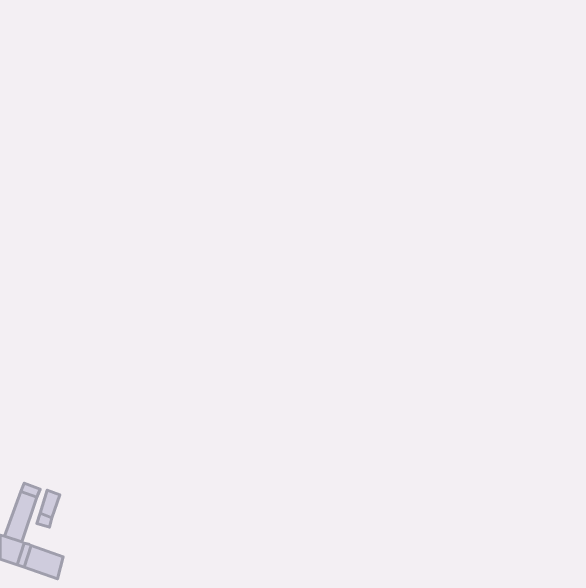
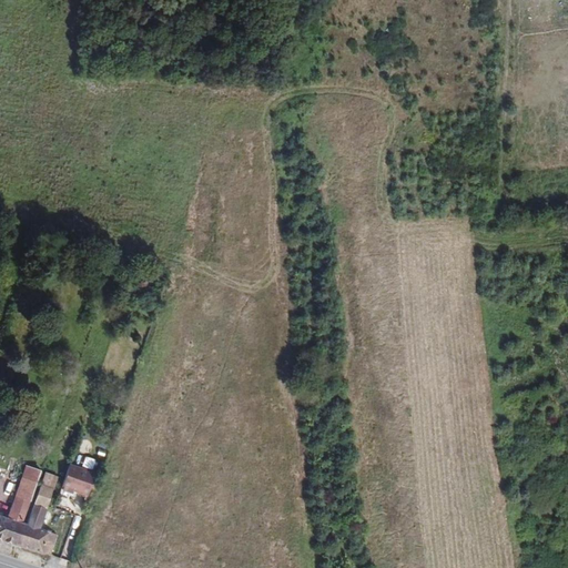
building: none -> [64,464,97,495]

